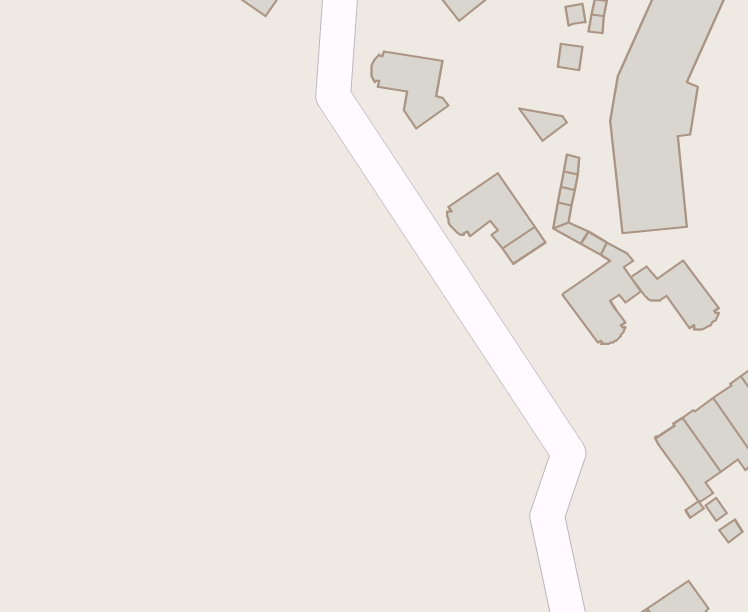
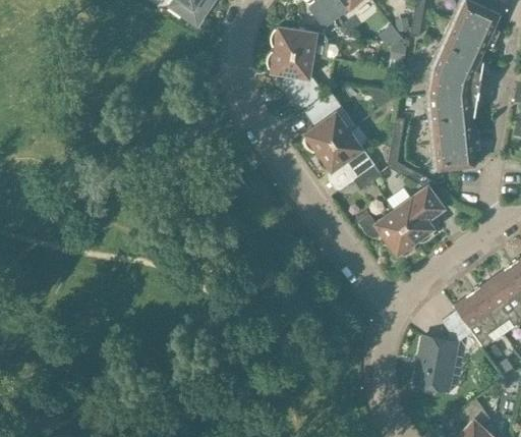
building: none -> [272,26,340,58]
building: none -> [297,85,351,152]
building: [631,260,719,330] -> [359,210,417,256]
building: none -> [415,310,473,390]

